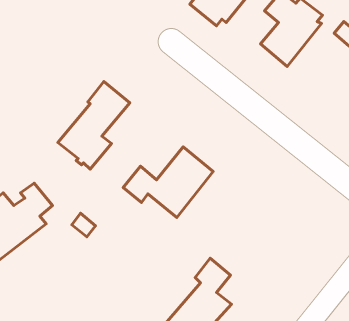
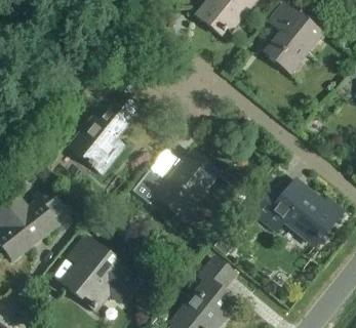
building: none -> [254,180,342,244]
building: none -> [66,235,136,309]

